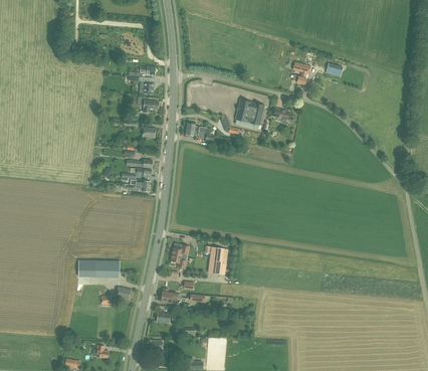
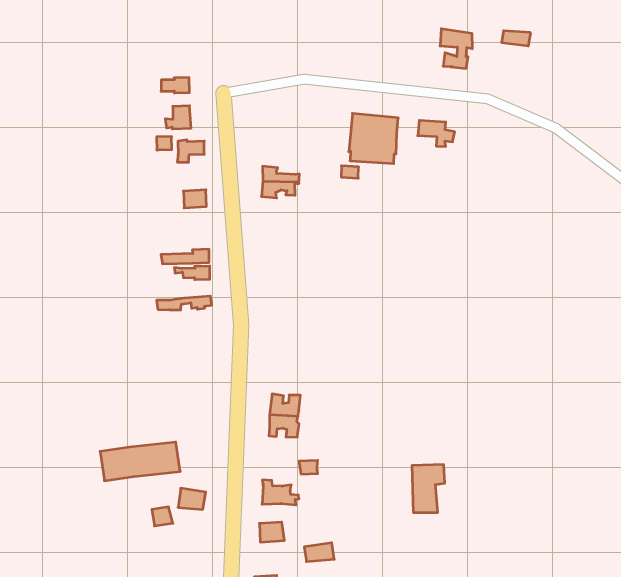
building: [208,246,228,273] -> [412,465,445,512]

